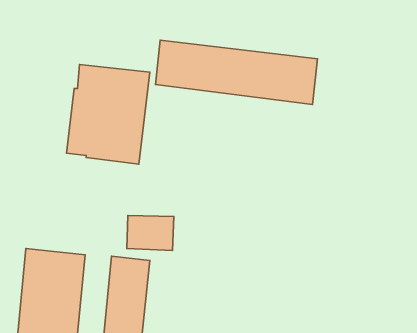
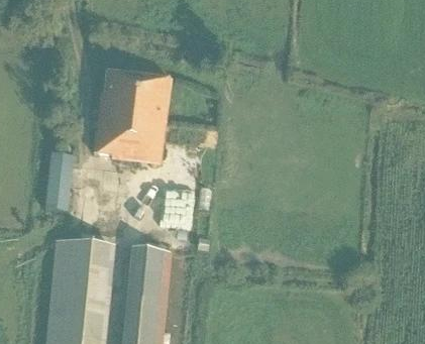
building: [156,40,317,104] -> none
building: none -> [46,156,69,202]

